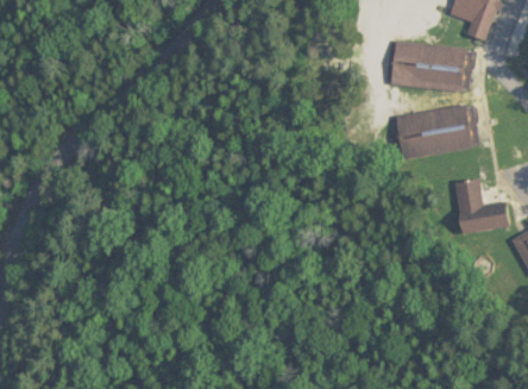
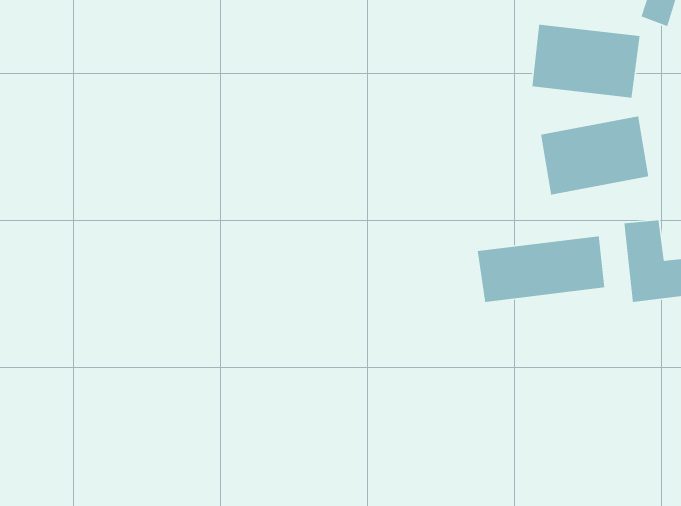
building: none -> [477,235,605,303]

